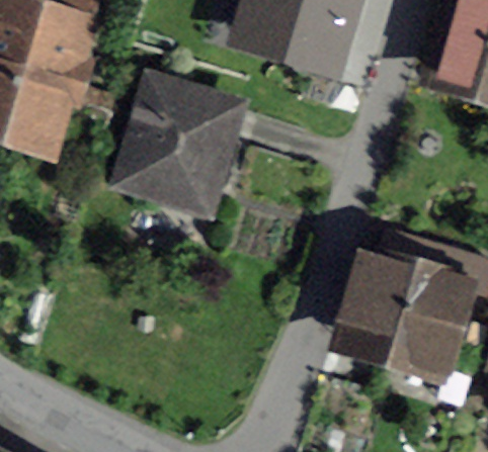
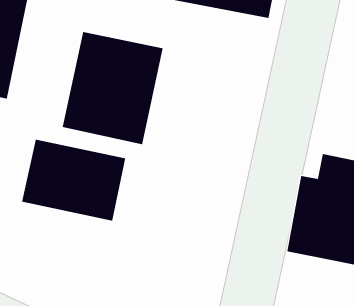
building: none -> [21,139,126,221]

